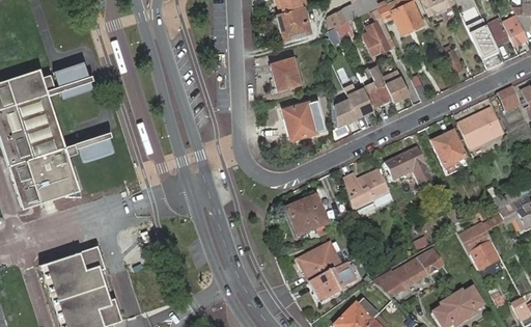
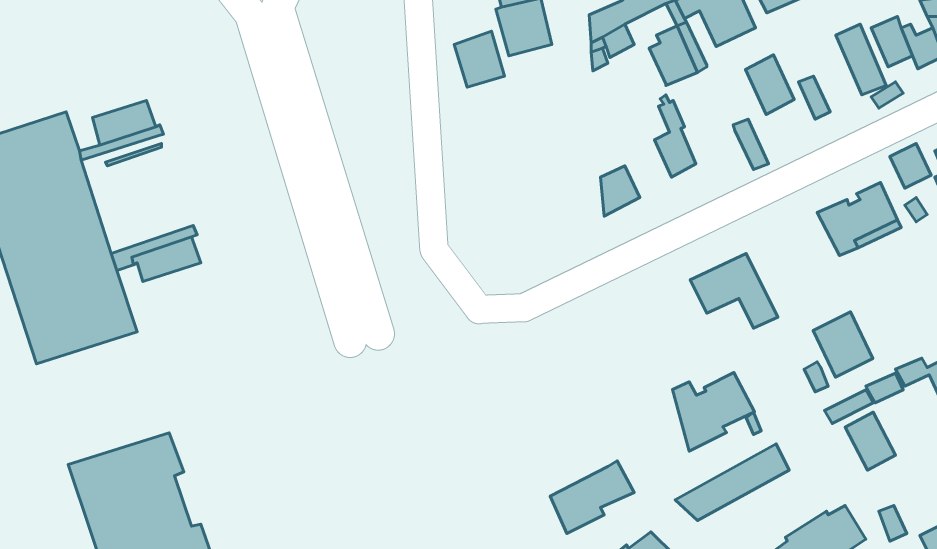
building: [272,56,300,87] -> [454,31,505,87]
building: [383,69,410,102] -> [746,55,794,114]
building: [344,82,373,116] -> none
building: [285,101,317,137] -> none
building: [431,131,465,167] -> [813,312,873,377]
building: [344,167,390,211] -> [672,373,755,451]
building: [285,198,325,235] -> none
building: [297,246,340,282] -> none

